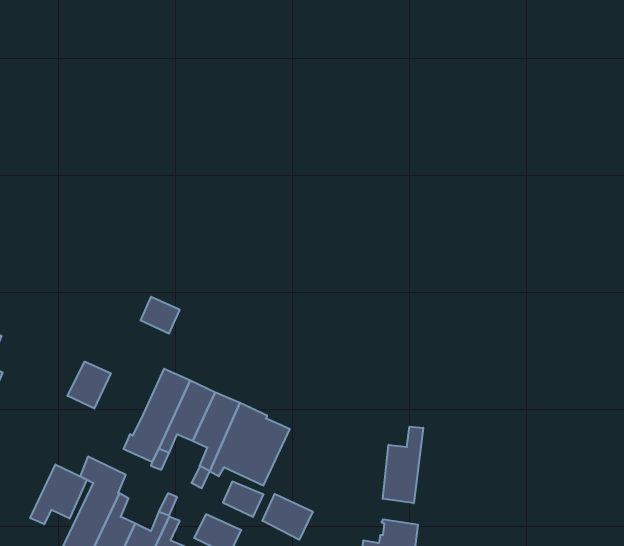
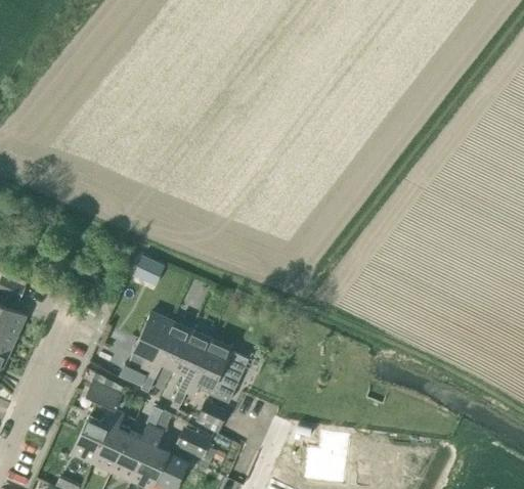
building: [67,362,111,409] -> none
building: [383,427,423,503] -> none
building: [30,464,87,524] -> none
building: [262,494,313,540] -> none

